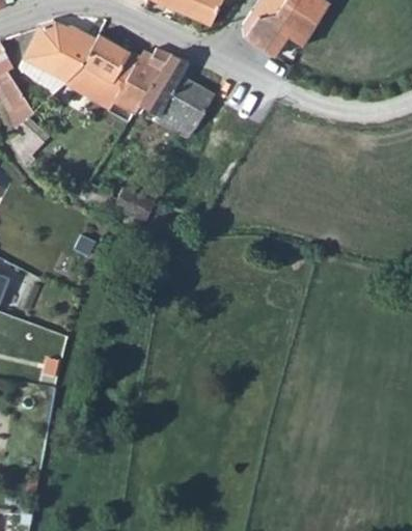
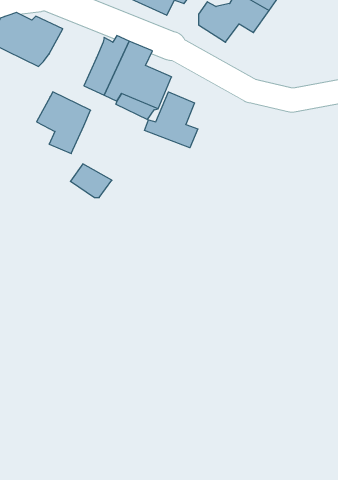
building: [85,34,143,101] -> [37,92,91,154]
building: none -> [145,92,198,148]

